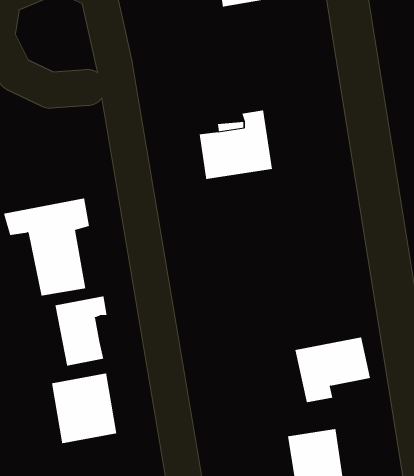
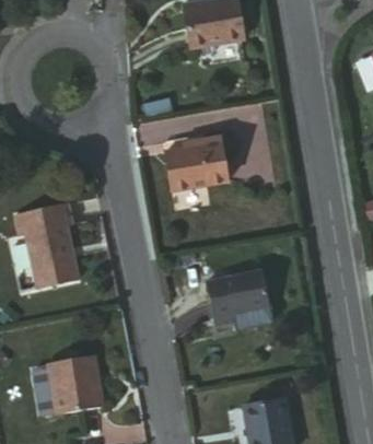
building: [55,296,107,367] -> none
building: [294,337,371,403] -> [209,276,273,331]

